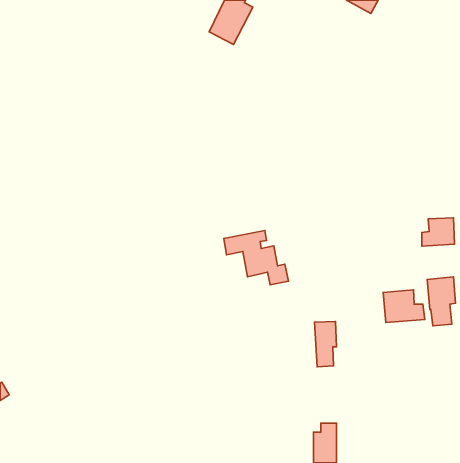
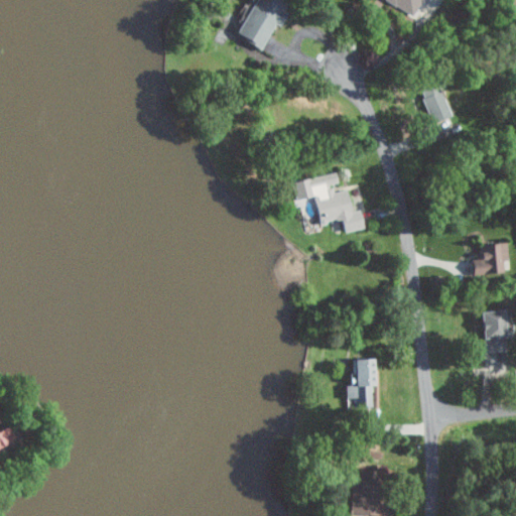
building: none -> [419,81,452,123]
building: [224,230,288,285] -> [293,172,365,233]
building: [383,290,425,322] -> none

